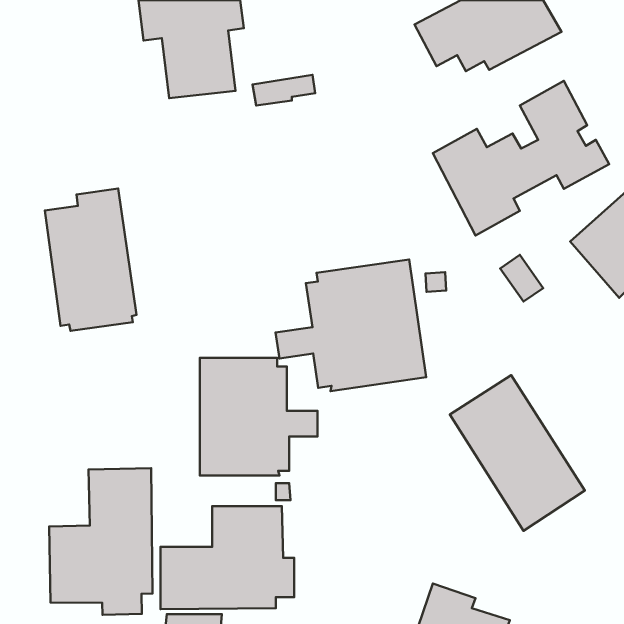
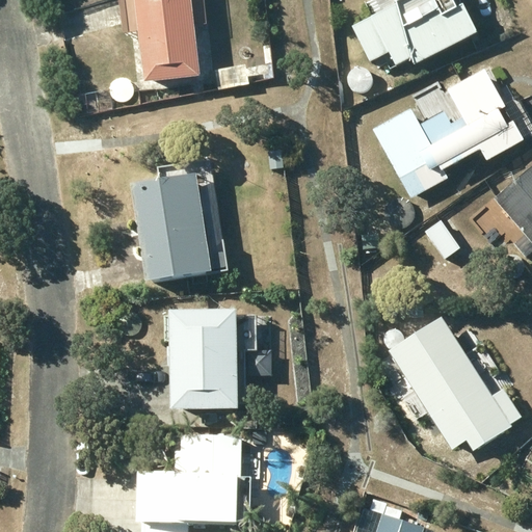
building: [45,189,137,331] -> [133,160,211,281]
building: [276,259,426,391] -> none
building: [49,468,153,615] -> none

